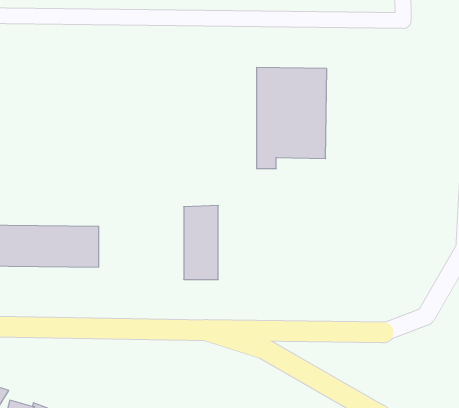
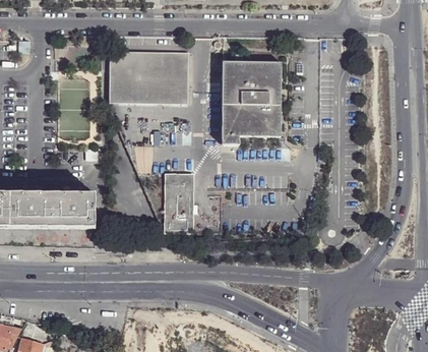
building: none -> [109,52,188,103]

